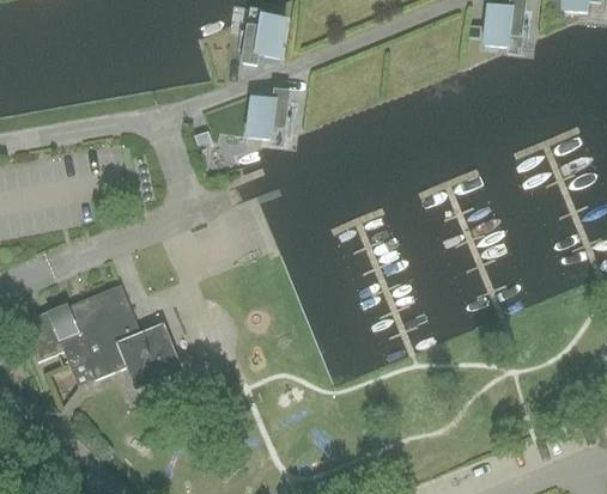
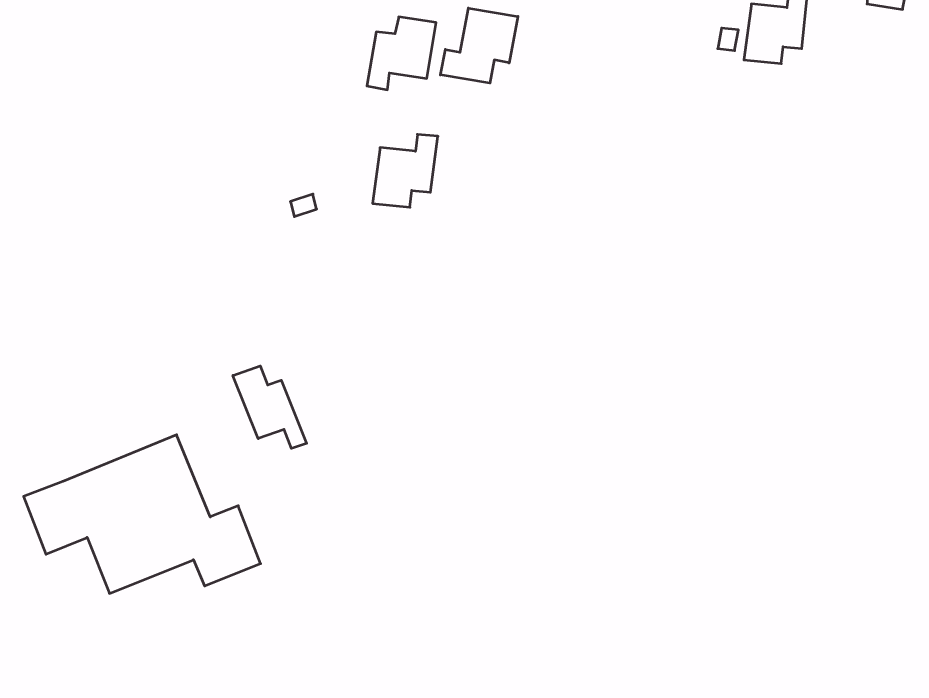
building: none -> [440,8,518,83]
building: none -> [233,366,307,448]

